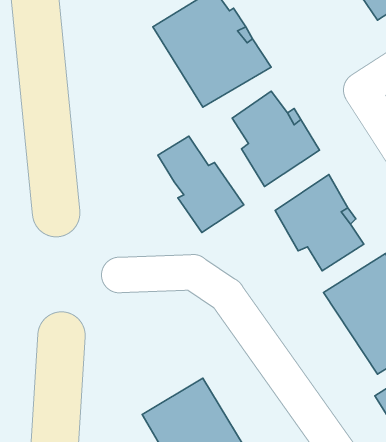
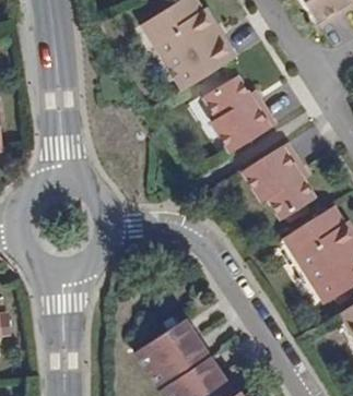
building: [158,136,244,233] -> none

